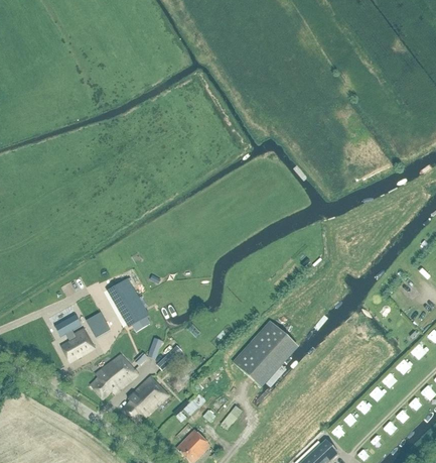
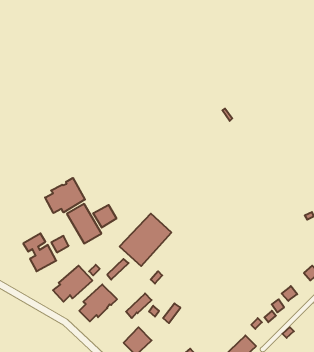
building: none -> [45,178,85,213]
building: none -> [93,205,116,228]
building: [232,320,295,384] -> [120,214,171,266]

